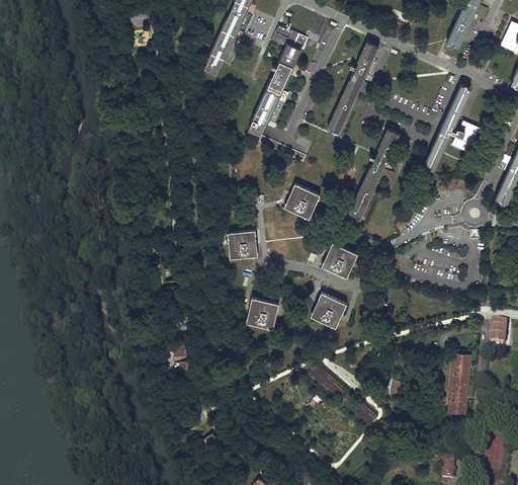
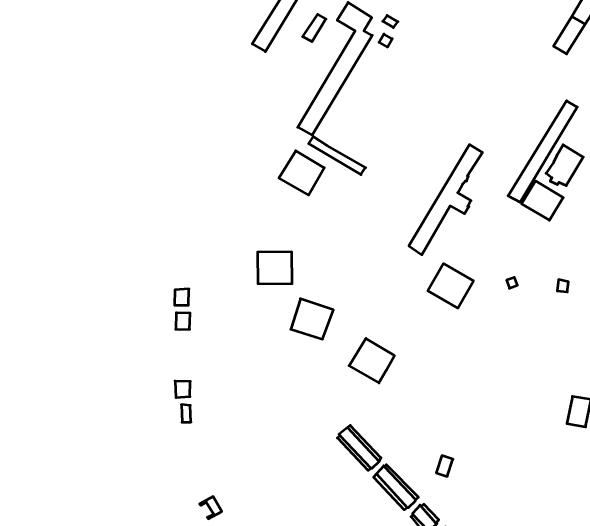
building: [328,42,378,133] -> none
building: none -> [522,181,563,220]
building: [284,184,320,219] -> [279,151,324,195]
building: [322,243,357,277] -> [428,264,473,308]
building: [247,298,279,328] -> [291,299,333,339]
building: [448,352,471,412] -> none

